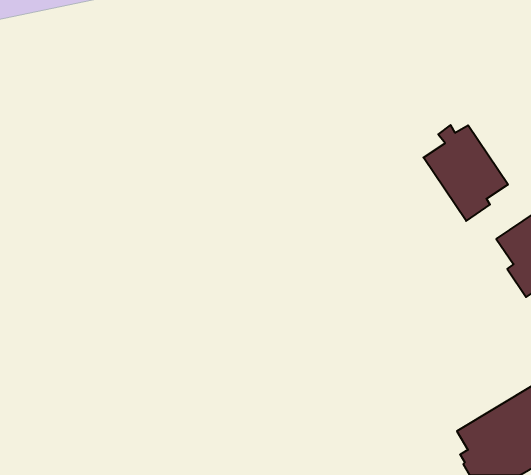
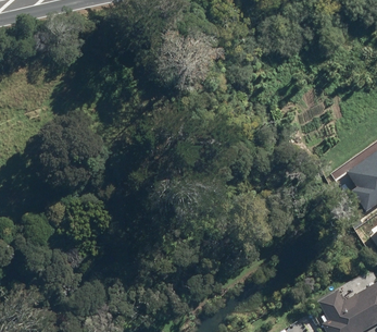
building: [423,125,508,221] -> none

